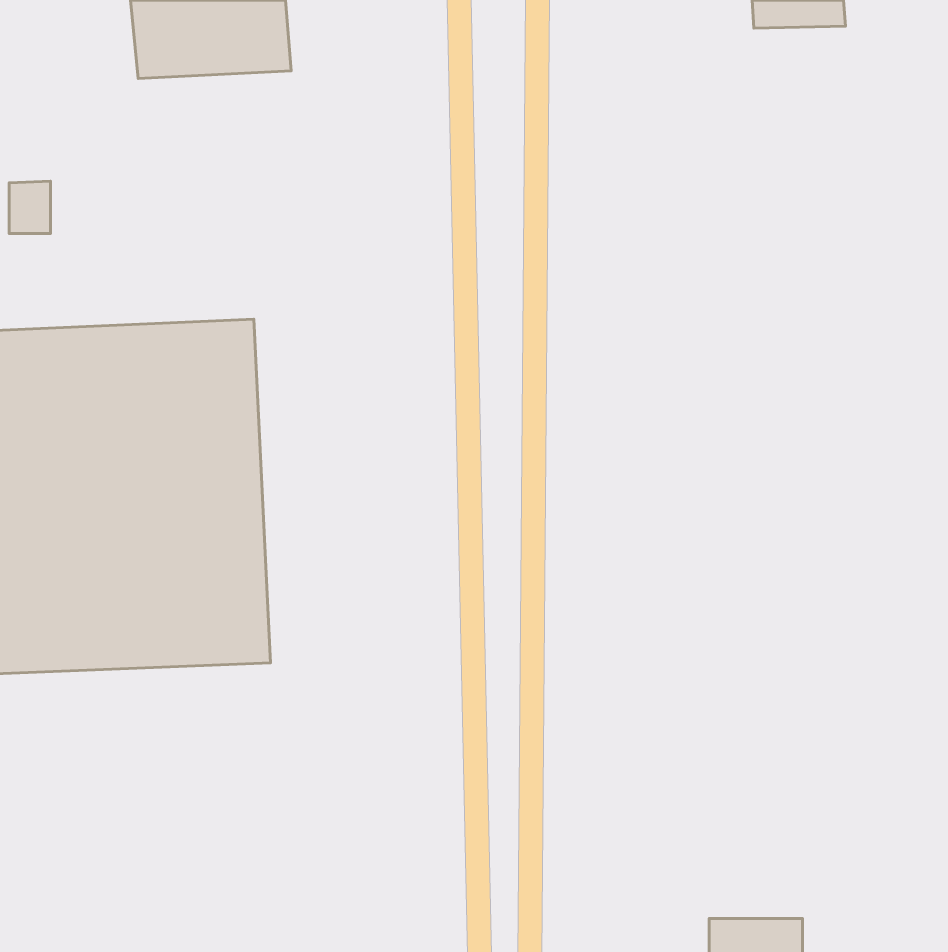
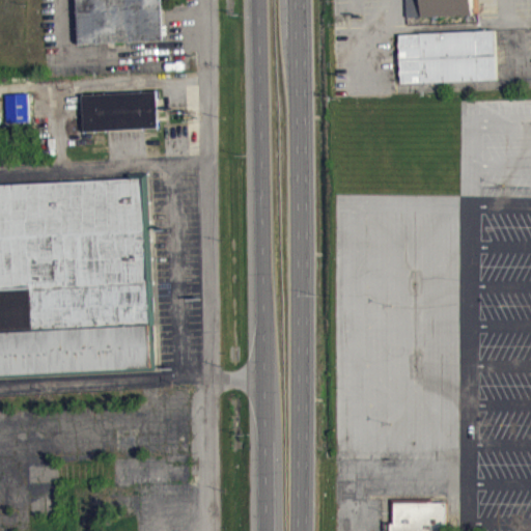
building: none -> [395,30,494,84]
building: none -> [80,90,156,132]

